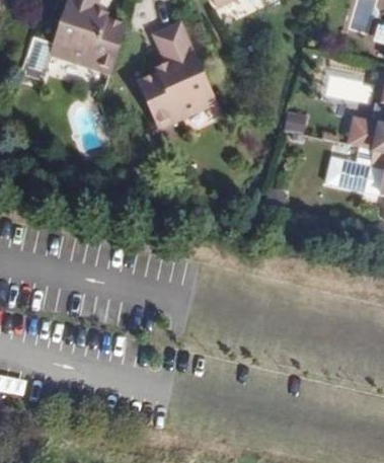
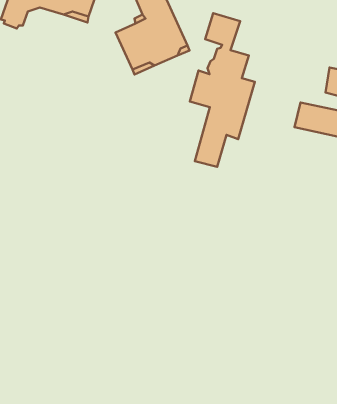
building: none -> [190,13,255,167]

